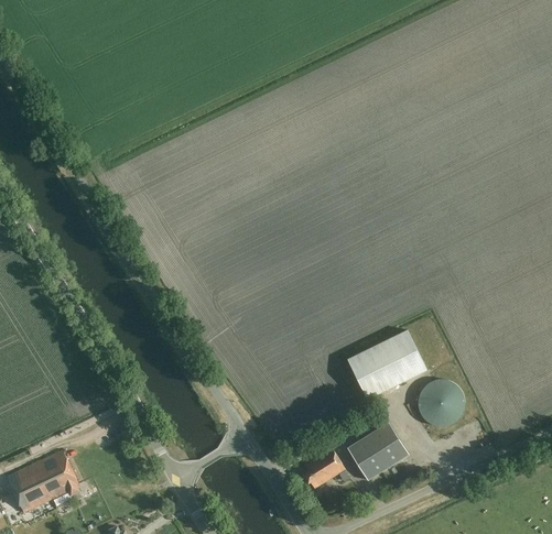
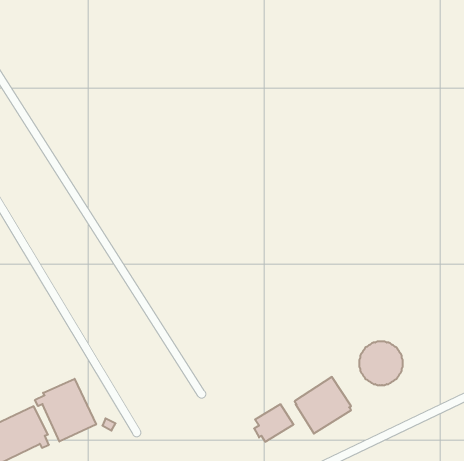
building: [347,331,426,400] -> none
building: none -> [35,379,96,442]

